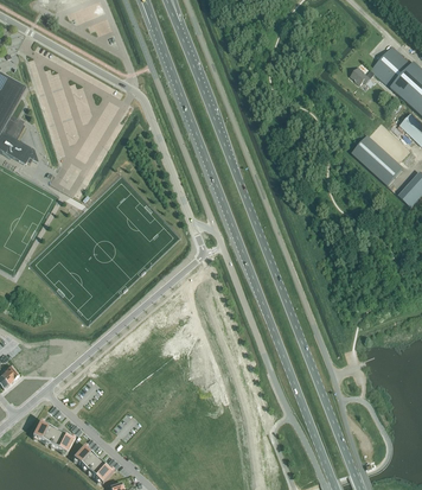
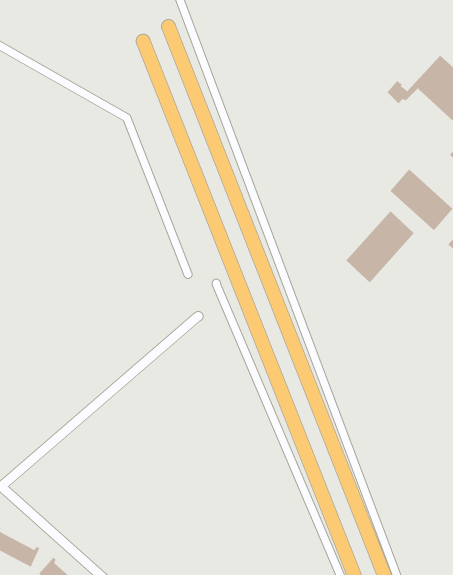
building: none -> [346,211,415,283]

